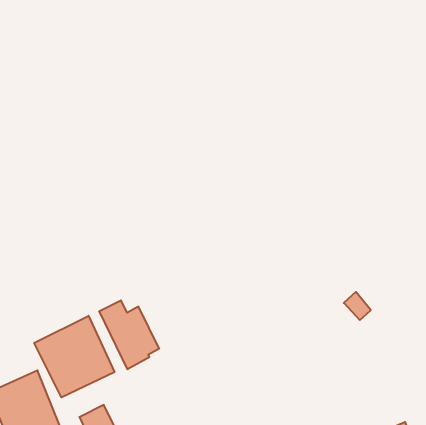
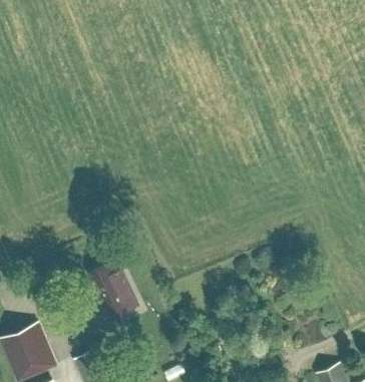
building: [34,316,114,397] -> none

